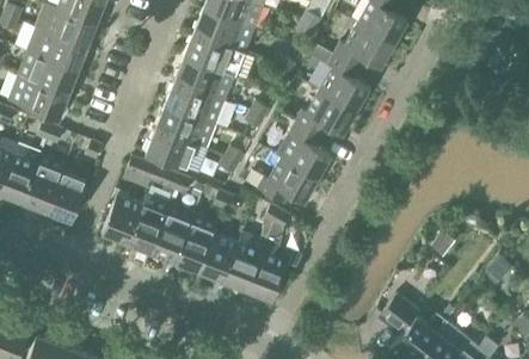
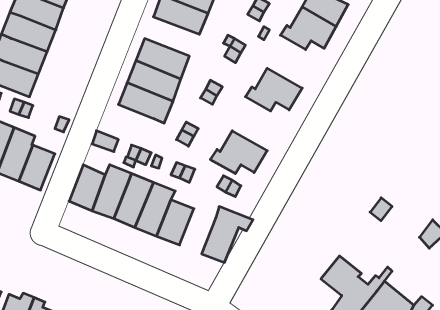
building: [184,35,246,79] -> none
building: [318,55,368,112] -> none
building: [279,122,331,180] -> none
building: [146,130,195,172] -> none
building: [222,243,262,292] -> none

